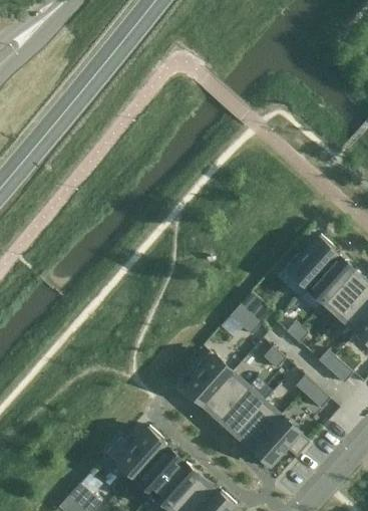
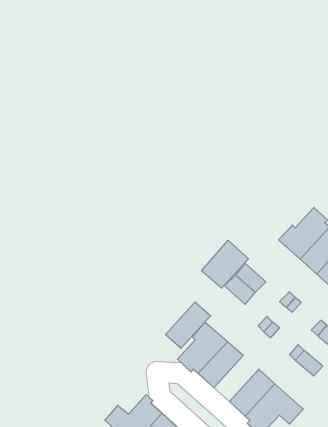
building: none -> [202,240,249,288]
building: [219,387,265,434] -> [165,302,211,348]

